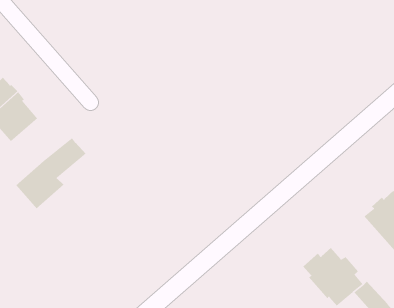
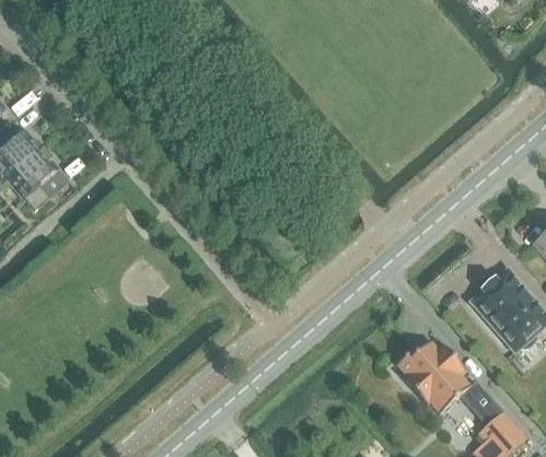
building: [15,137,87,210] -> none

